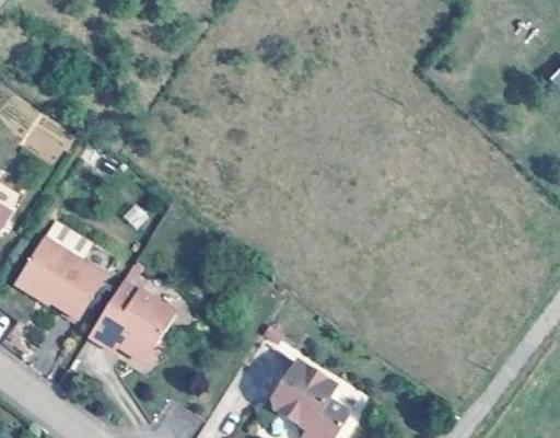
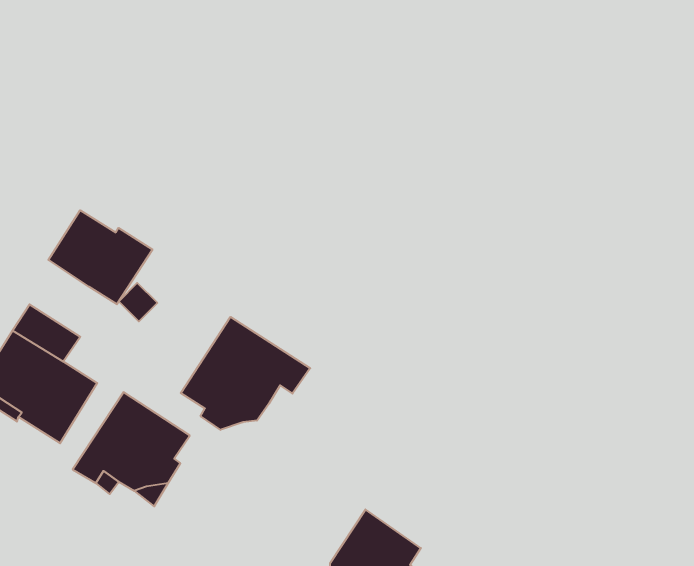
building: none -> [48,210,152,304]
building: none -> [181,317,310,430]

